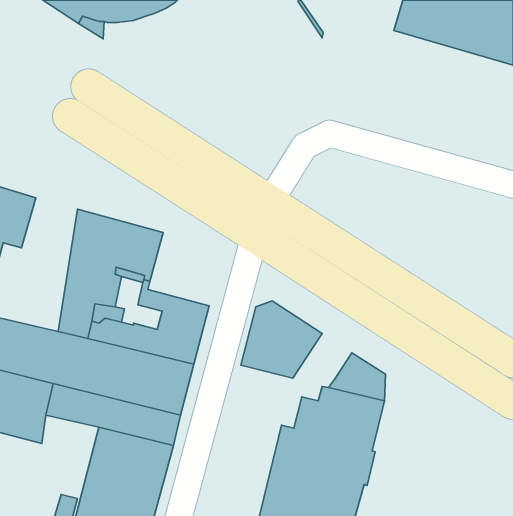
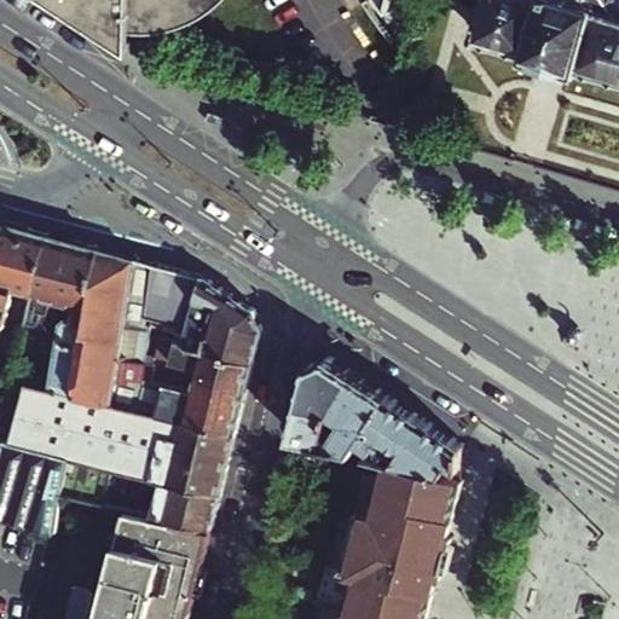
building: none -> [23,241,92,399]
building: none -> [175,282,256,369]
building: none -> [347,401,417,459]

